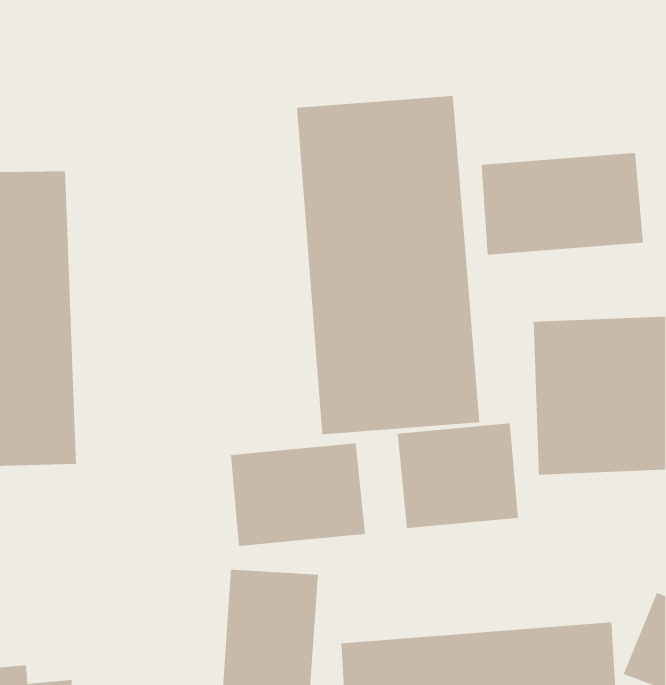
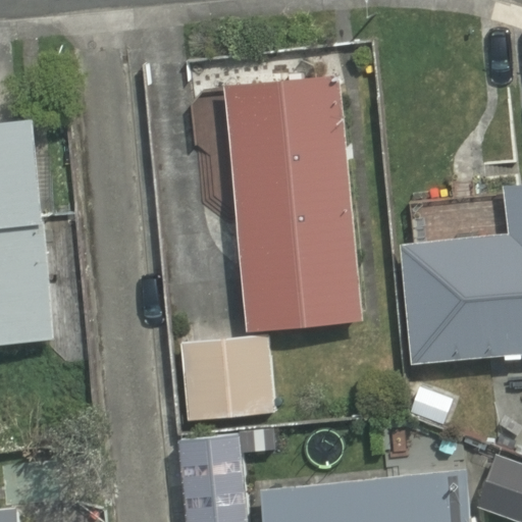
building: [481,152,643,255] -> none
building: [397,423,518,529] -> none

